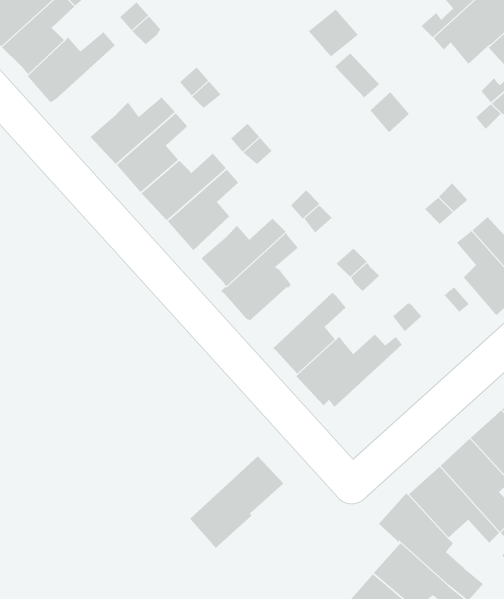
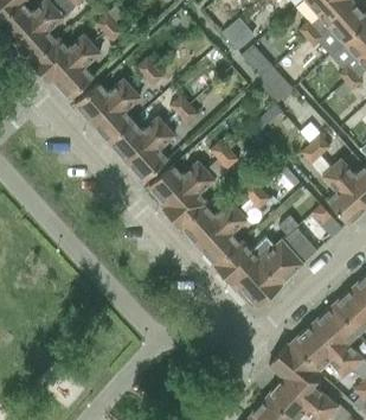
building: none -> [52,43,102,98]
building: none -> [182,199,238,247]
building: [189,456,284,549] -> [239,244,303,307]

